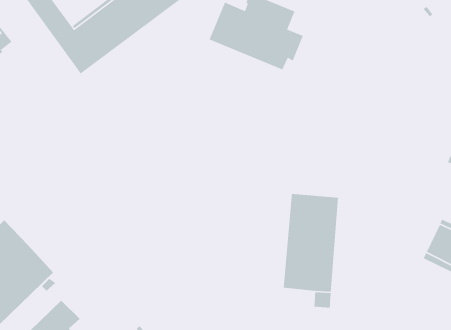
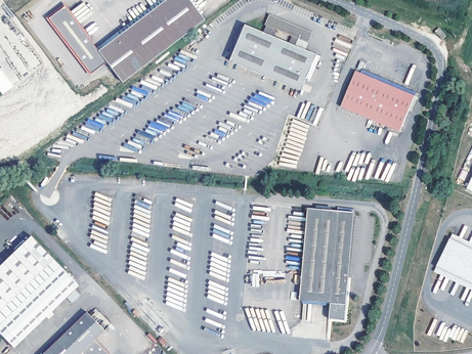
building: none -> [341,60,417,131]

